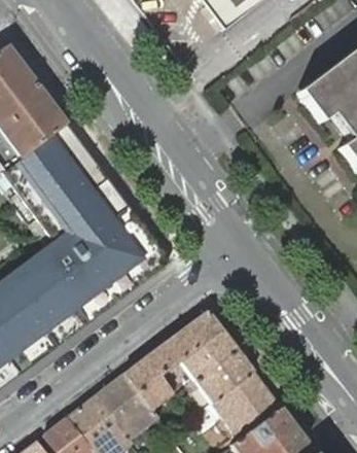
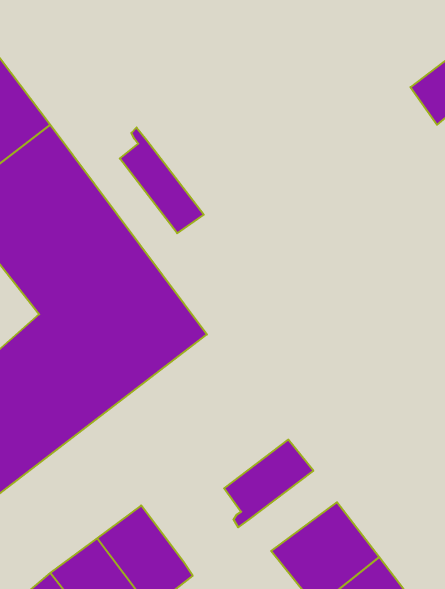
building: none -> [120,127,204,233]
building: [122,310,219,408] -> none
building: [186,348,251,400] -> none

